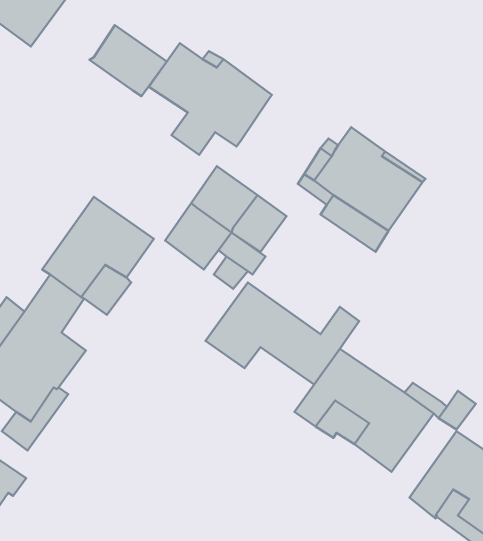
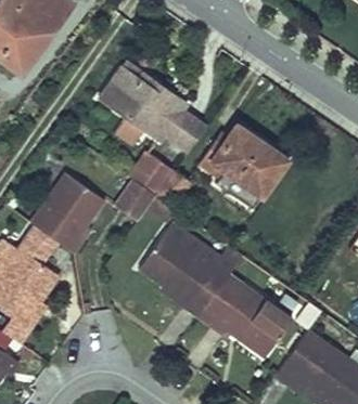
building: [89,25,167,96] -> none
building: none -> [163,108,206,153]
building: none -> [165,273,212,316]

